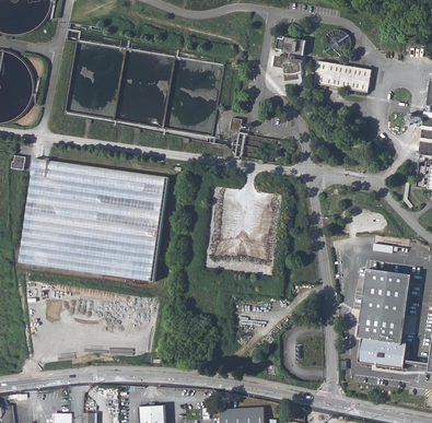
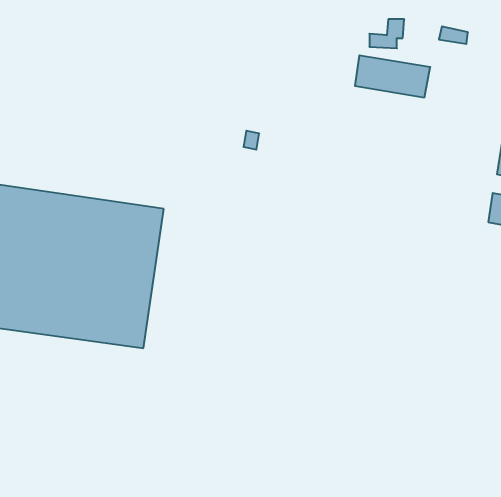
building: [272,39,304,75] -> none
building: [359,268,410,368] -> none

